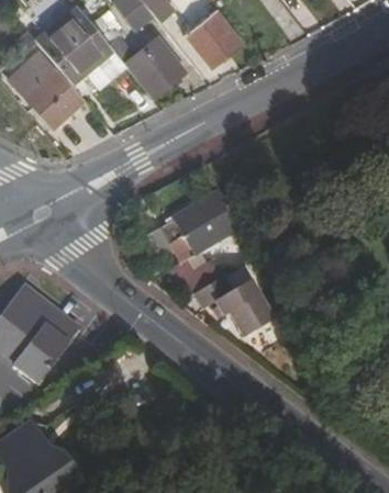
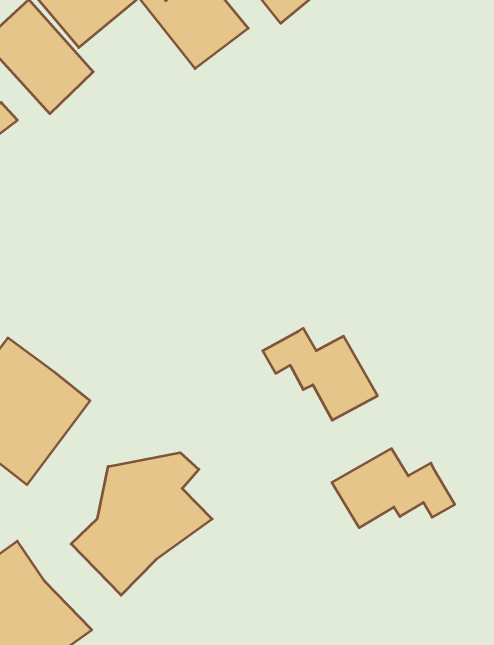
building: [164,188,245,298] -> none
building: none -> [332,449,455,528]
building: none -> [71,453,212,595]

